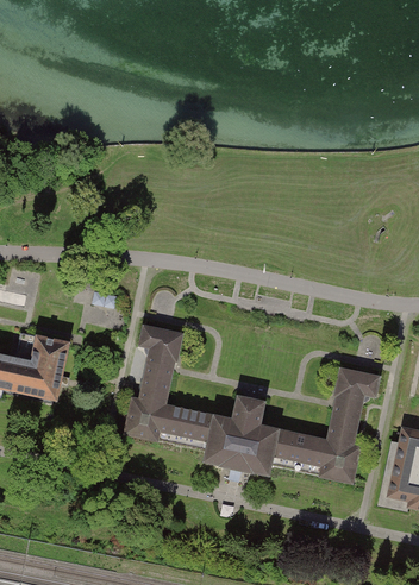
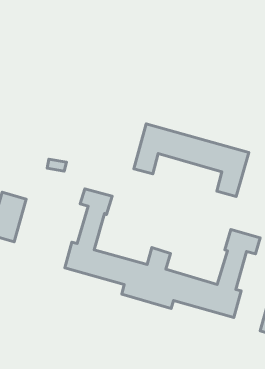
building: none -> [134,124,249,197]

